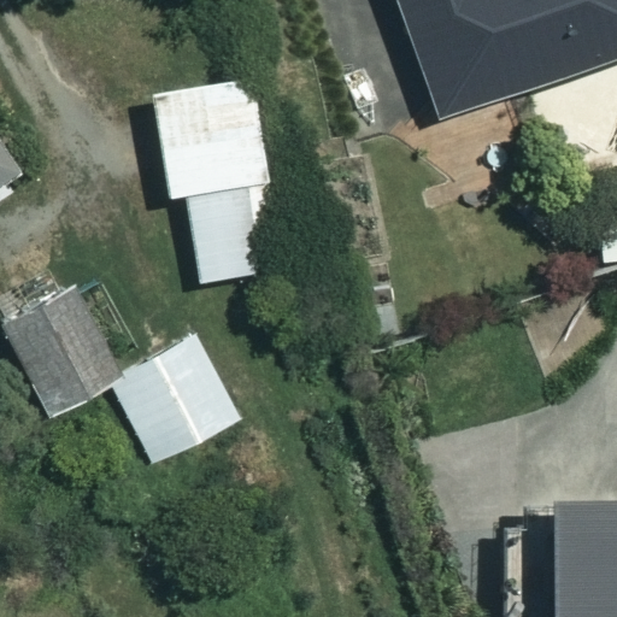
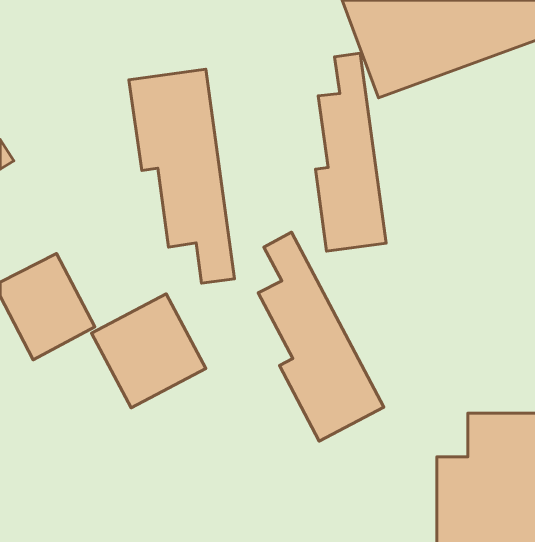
building: none -> [316,53,386,251]
building: none -> [258,232,384,441]

